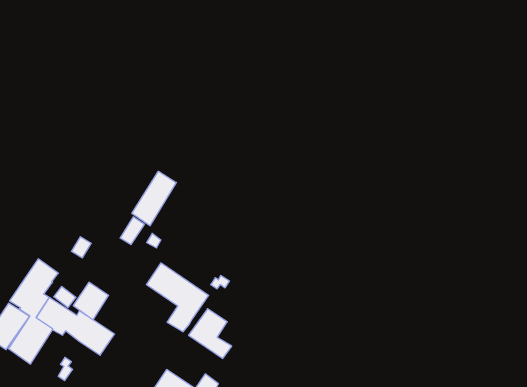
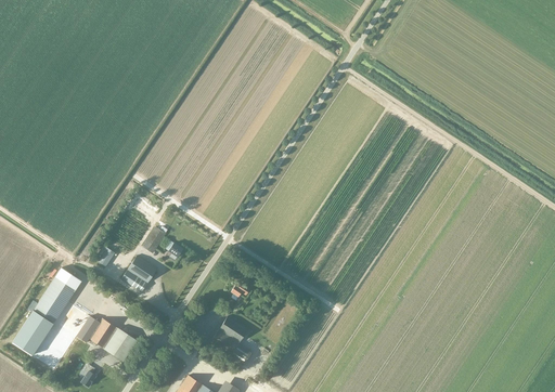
building: [132,171,176,226] -> none
building: [146,263,209,332] -> none
building: [73,282,109,320] -> [122,254,157,291]

